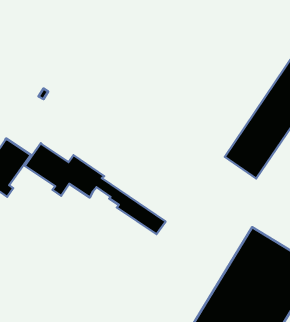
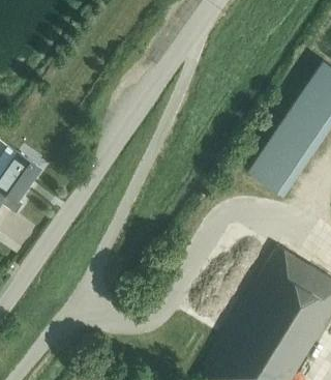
building: [25,143,166,234] -> none

